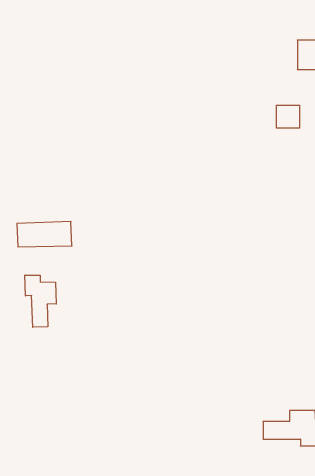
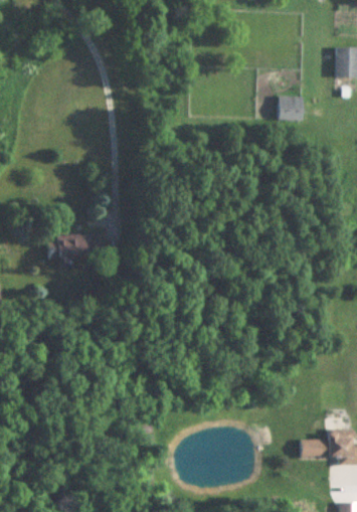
building: [276,105,300,128] -> [278,97,302,120]
building: [25,275,56,327] -> none

